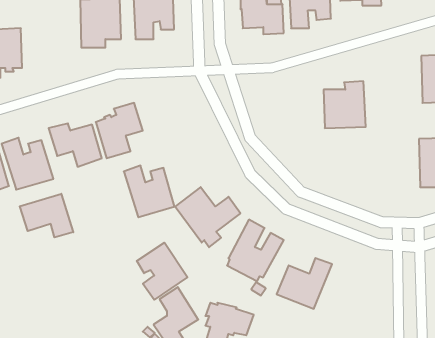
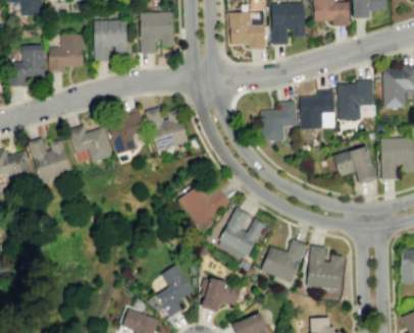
building: none -> [48,35,84,72]
building: none -> [338,79,374,120]
building: none -> [261,101,297,142]
building: none -> [332,146,377,185]
building: [124,166,174,217] -> [145,107,188,151]
building: [20,194,73,237] -> none
building: [137,243,187,300] -> none
building: none -> [307,245,343,289]

